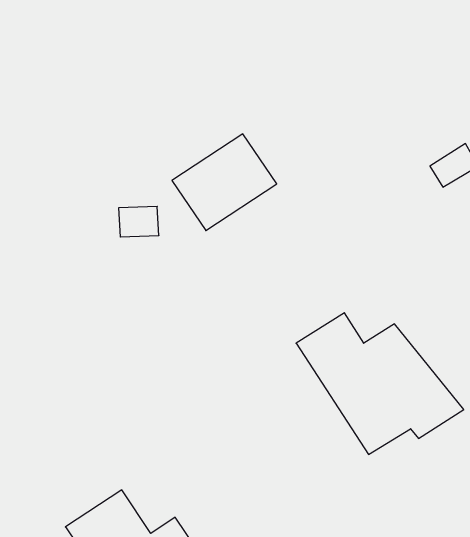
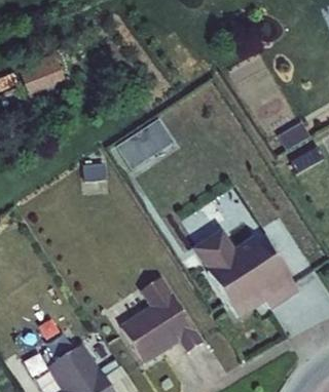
building: none -> [14,54,80,93]
building: none -> [119,275,204,362]

